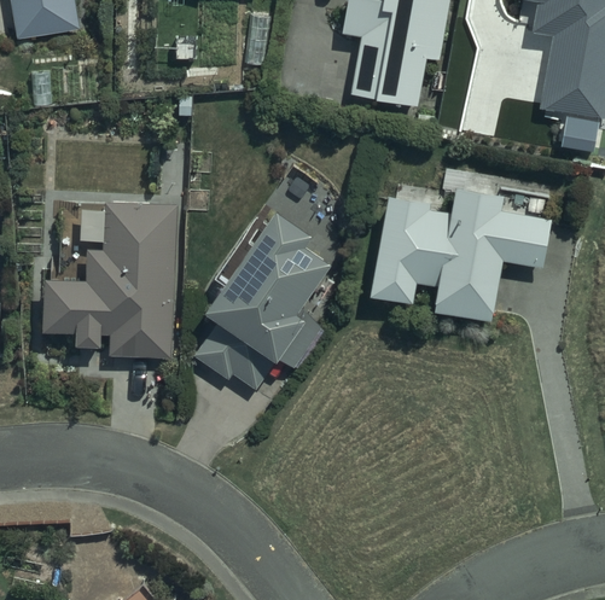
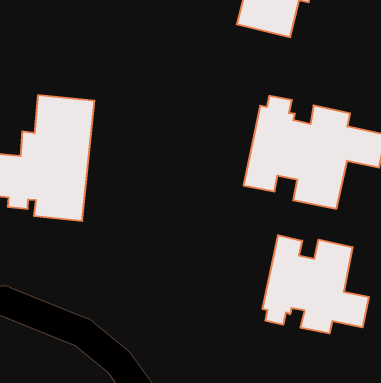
building: [194,216,328,389] -> none
building: none -> [262,235,369,333]

